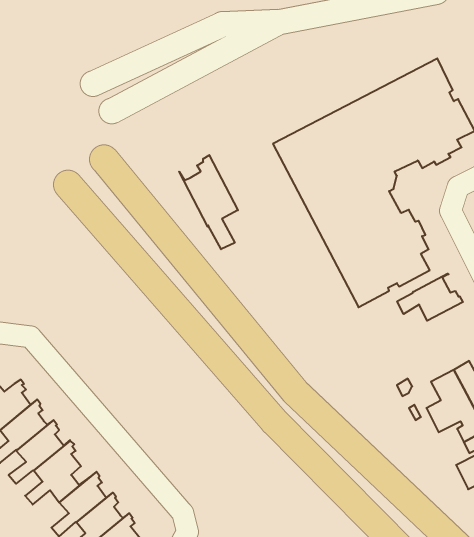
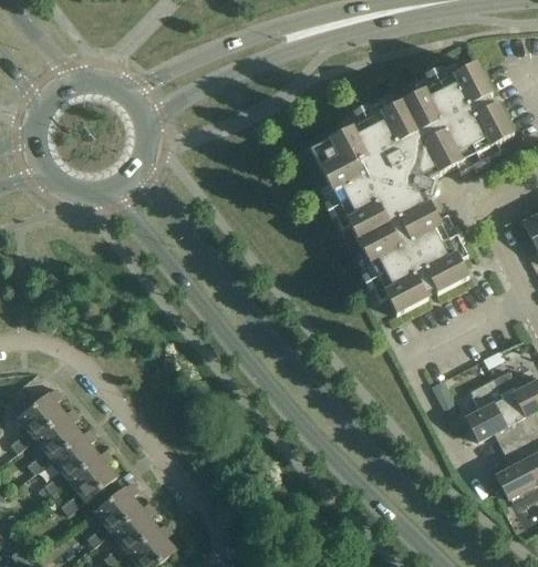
building: [179,155,238,249] -> none
building: [397,274,463,321] -> none

